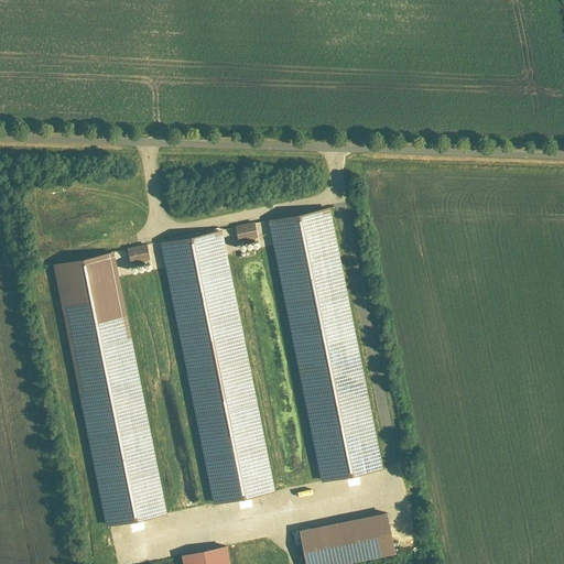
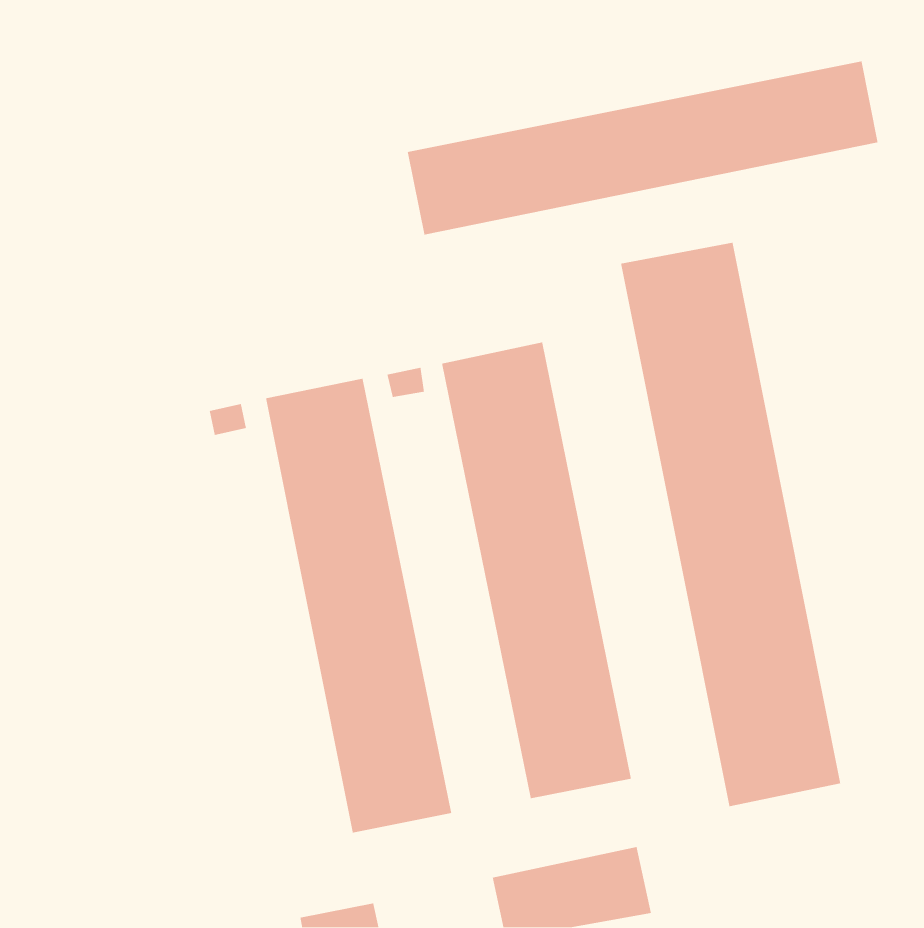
building: none -> [407,61,879,235]
building: none -> [620,242,841,807]
building: [52,251,169,529] -> none

